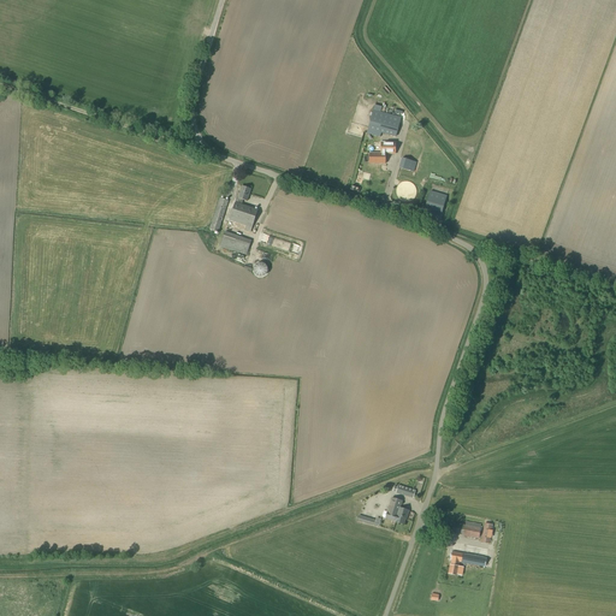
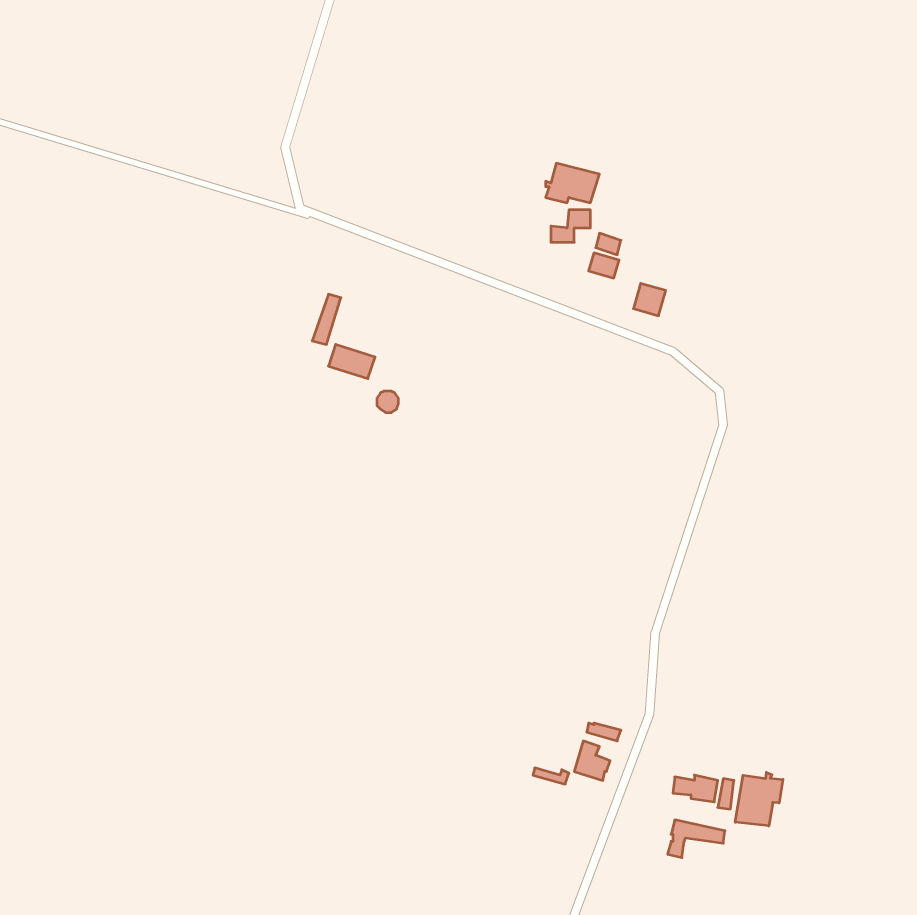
building: [229,185,257,231] -> none
building: none -> [735,772,783,826]

